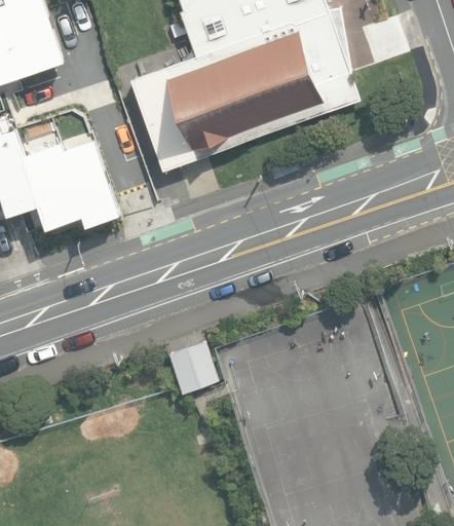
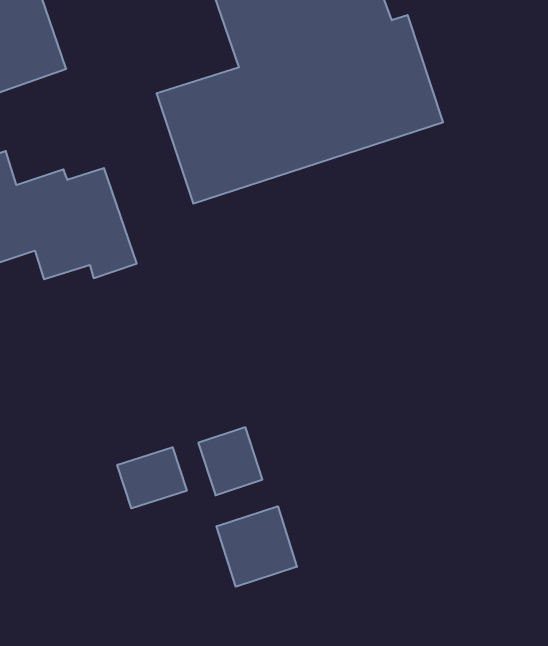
building: none -> [117,447,187,508]
building: none -> [217,506,297,587]

